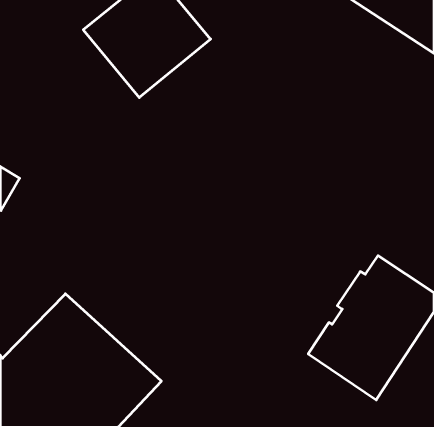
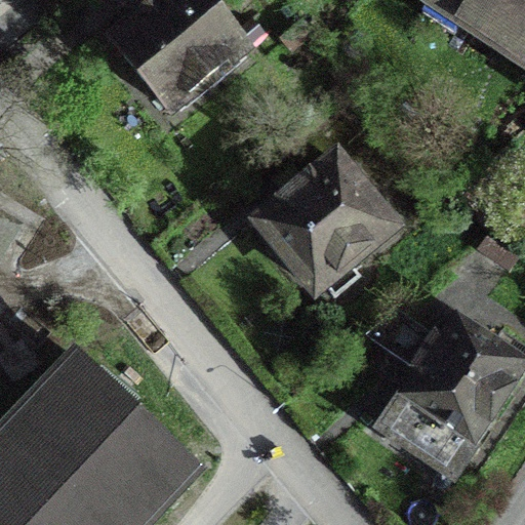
building: none -> [248,142,409,302]

